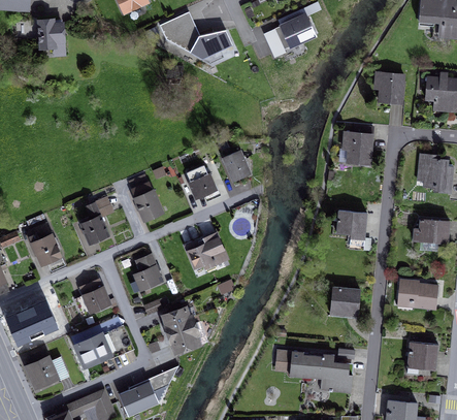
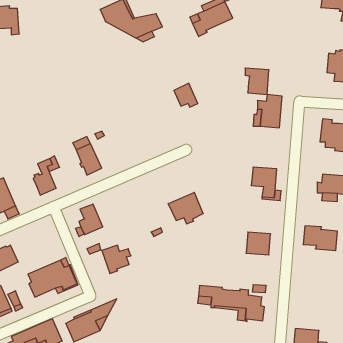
building: [377,72,404,103] -> [245,68,269,94]
building: [223,150,251,177] -> [174,83,198,107]
building: [188,166,215,196] -> none
building: [186,233,227,270] -> [168,192,203,224]
building: [75,281,109,315] -> none
building: [171,325,197,351] -> none
building: [406,342,438,377] -> none

